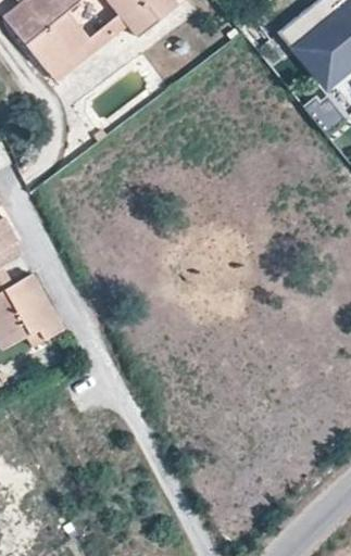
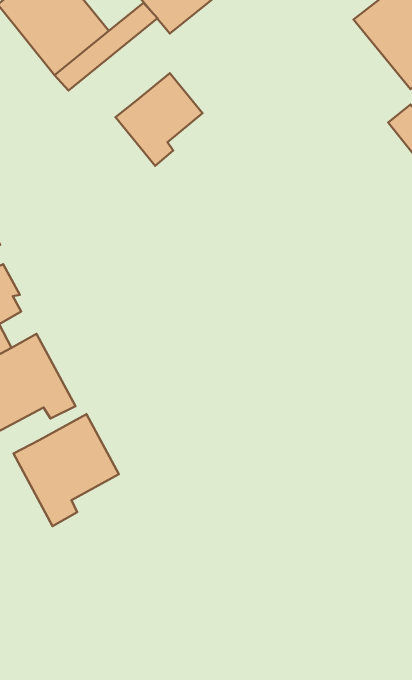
building: none -> [116,73,203,166]
building: none -> [13,414,119,526]

